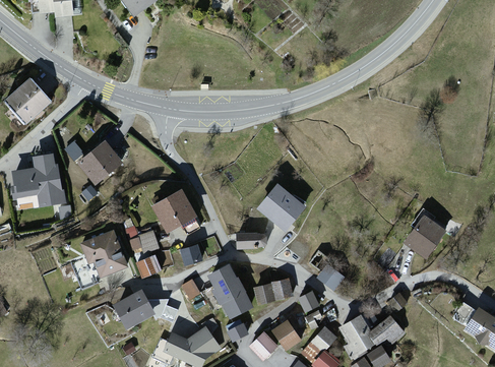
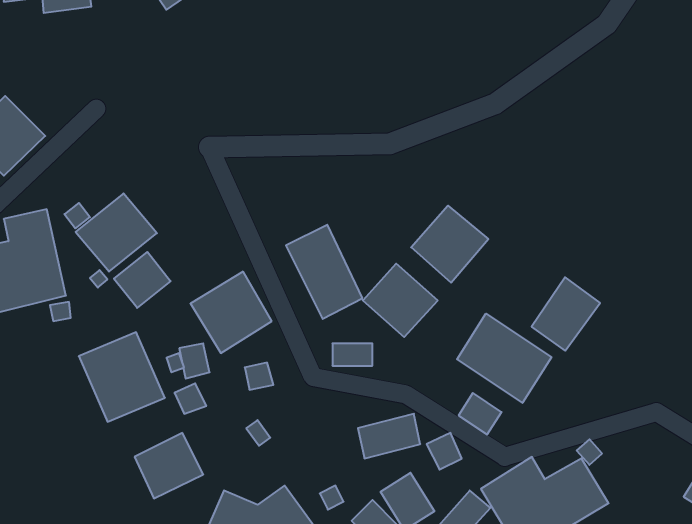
building: none -> [411,206,488,283]
building: none -> [114,252,171,308]
building: [405,210,448,257] -> [532,277,600,351]
building: none -> [457,314,551,403]
building: [205,261,254,321] -> [286,225,362,319]

